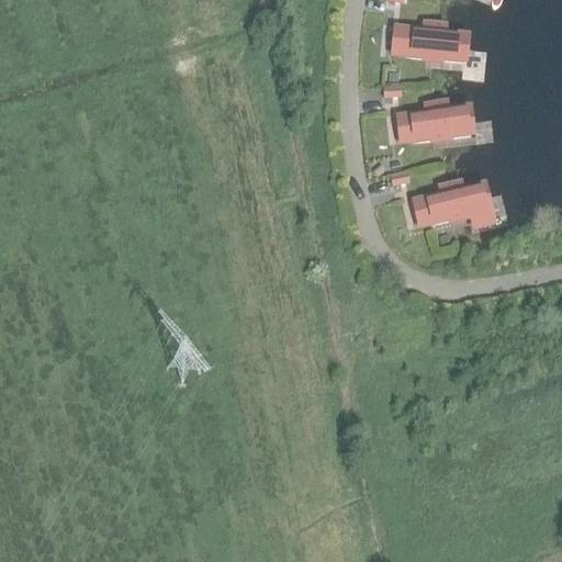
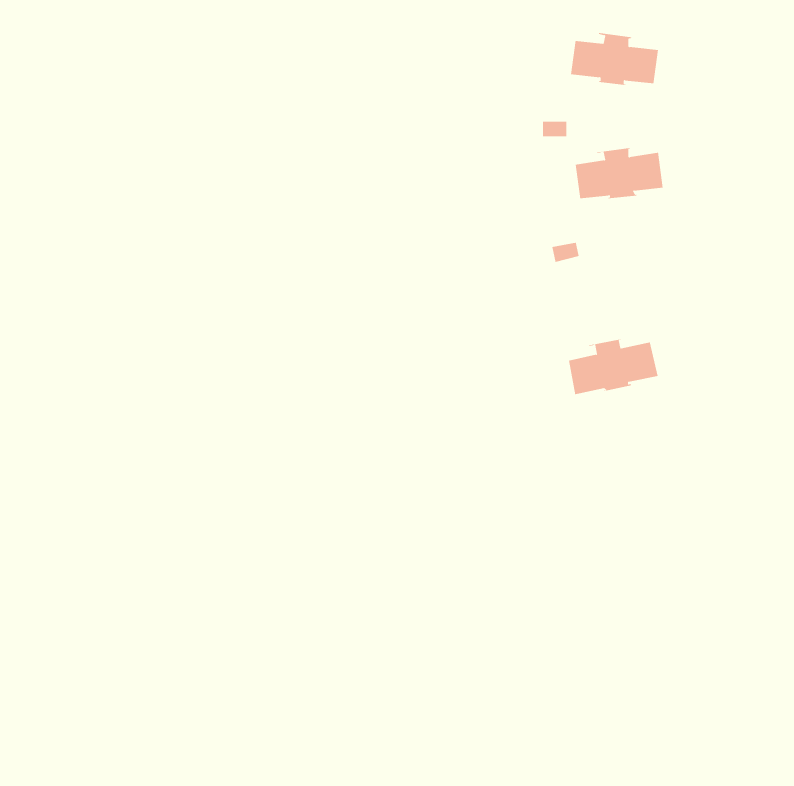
building: [425,182,488,222] -> [568,339,658,395]

